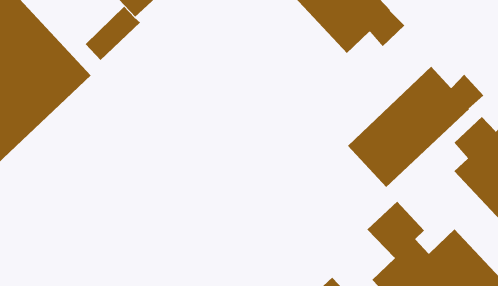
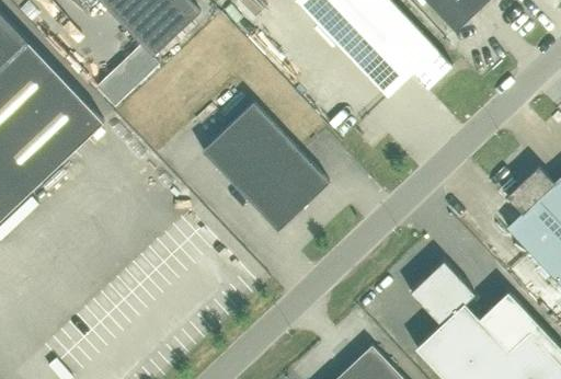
building: none -> [202,103,330,232]
building: [347,66,484,188] -> none

